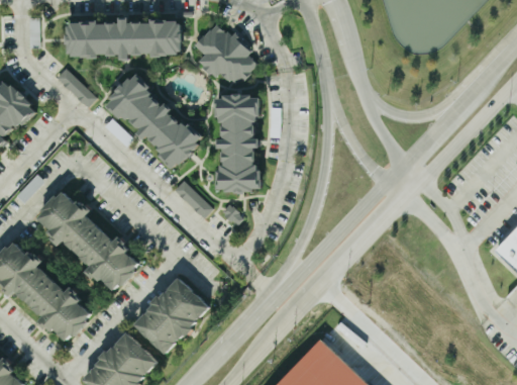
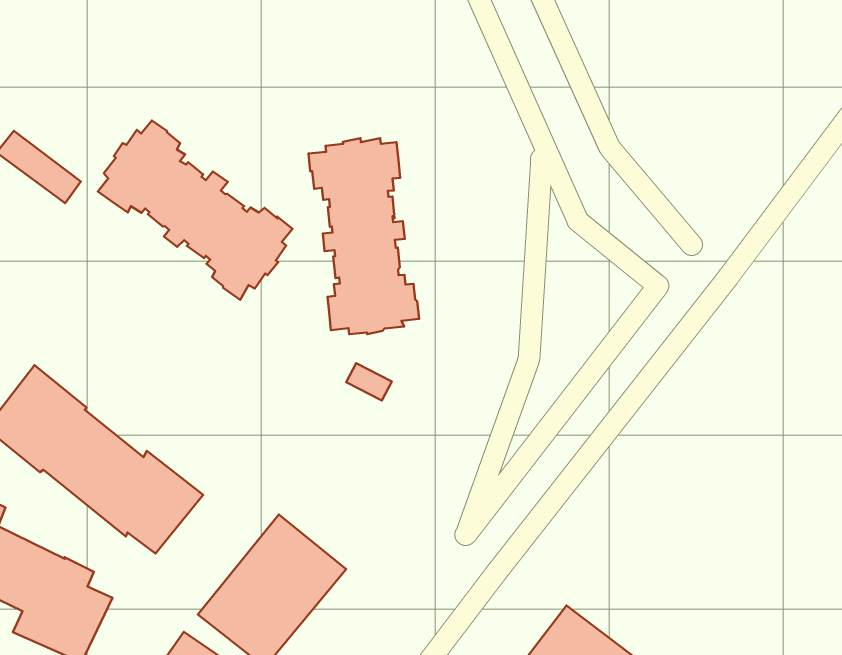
building: [66,20,182,60] -> none
building: [192,24,258,87] -> none
building: [173,181,212,219] -> none

